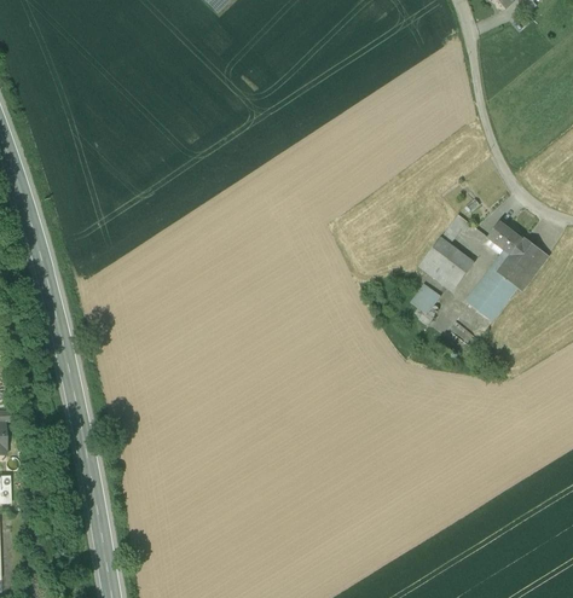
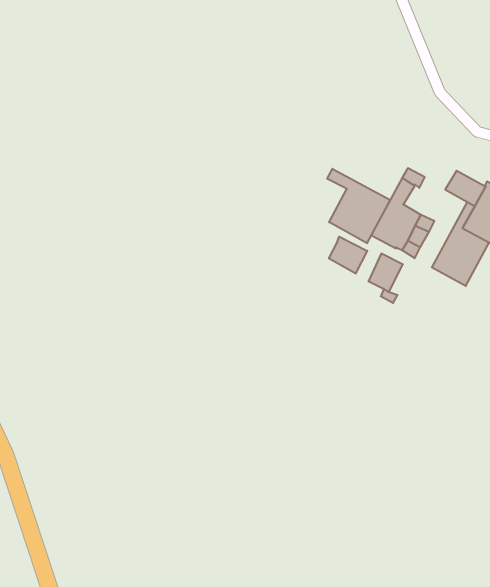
building: none -> [327,169,390,243]
building: none -> [329,237,367,274]

